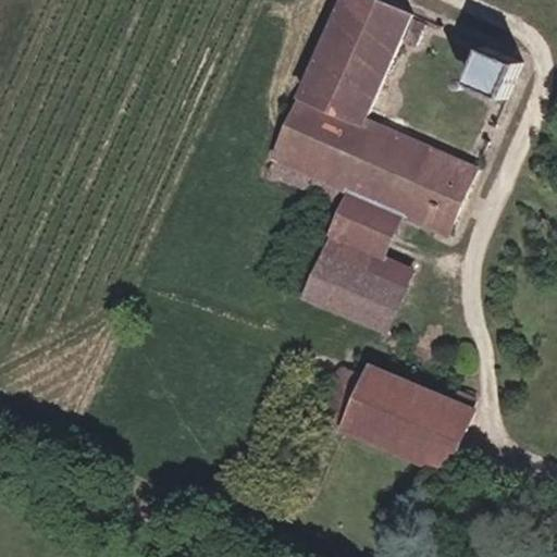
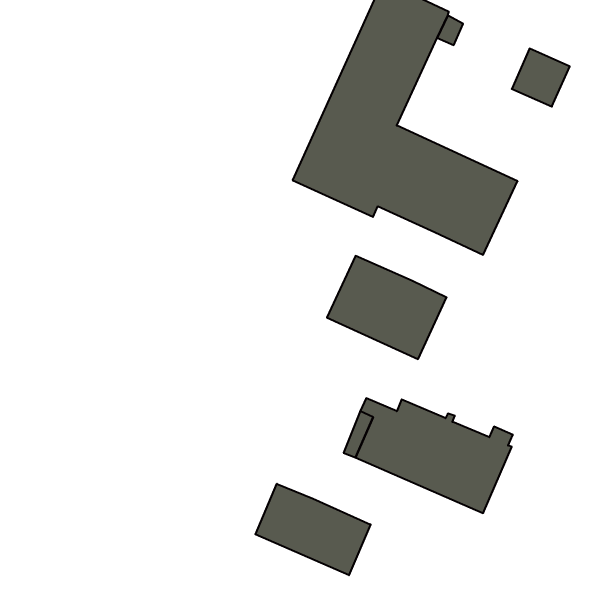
building: [326,189,399,258] -> none
building: none -> [255,484,371,575]

